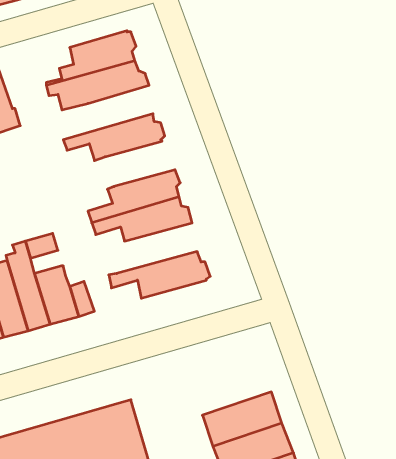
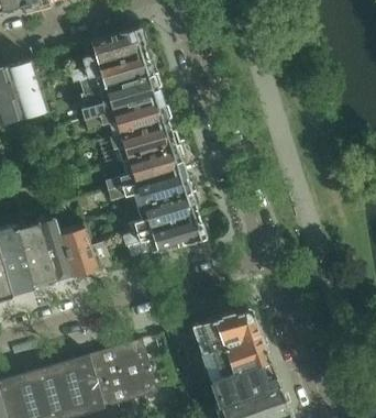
building: none -> [64,76,159,127]
building: none -> [108,123,178,164]
building: none -> [125,193,197,235]
building: none -> [190,310,259,355]

